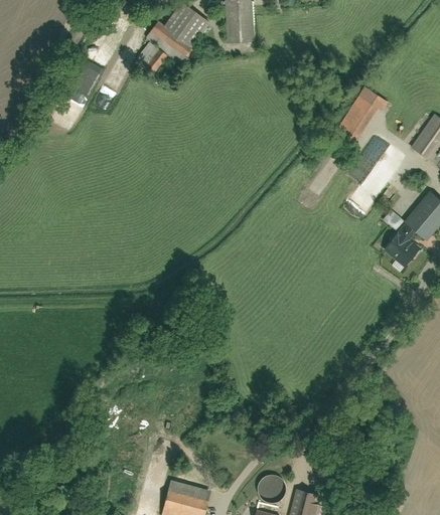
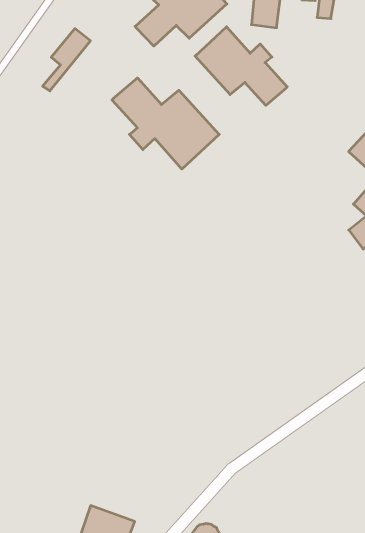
building: none -> [195,27,287,105]
building: none -> [112,78,219,169]

